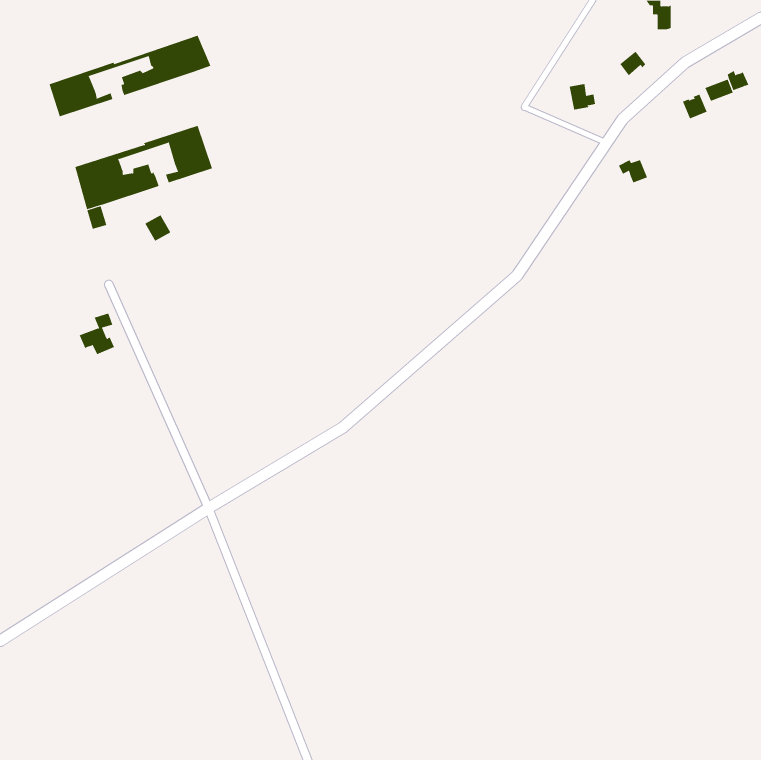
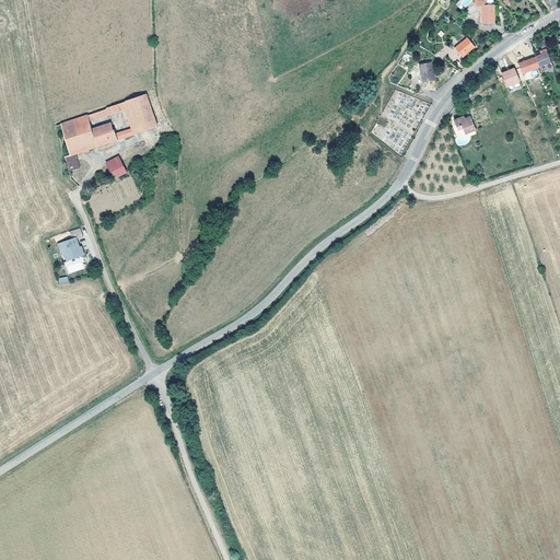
building: [49,35,211,117] -> none

